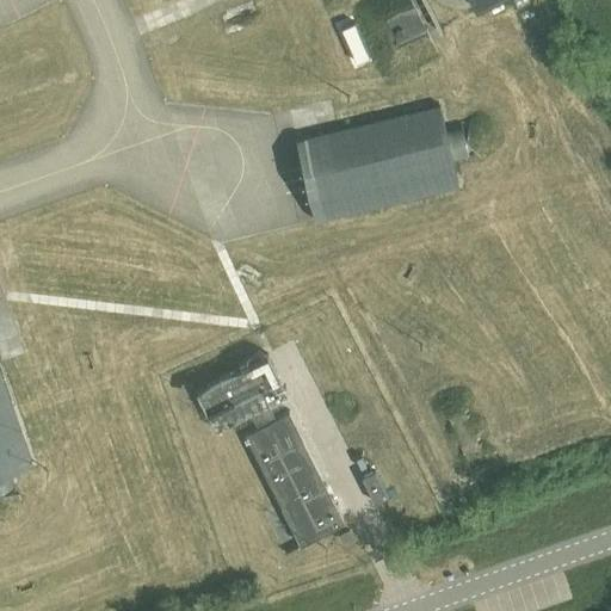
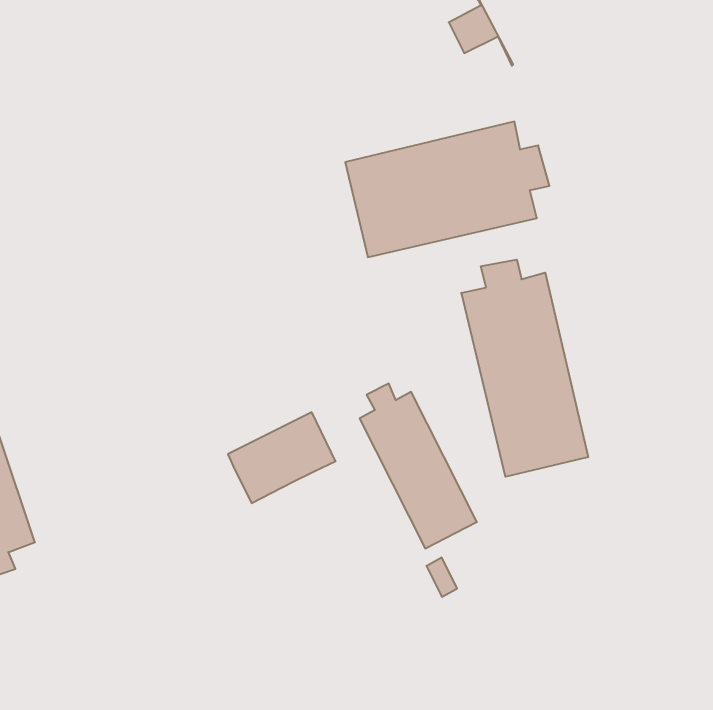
building: none -> [461,260,588,477]
building: [243,406,344,547] -> [360,384,477,548]

